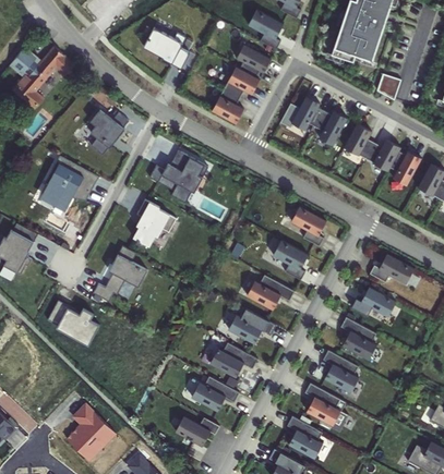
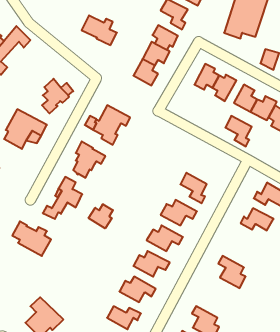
building: [291,206,326,246] -> [225,116,252,146]
building: none -> [89,204,113,228]
building: [341,317,377,360] -> none
building: [305,382,341,425] -> none

